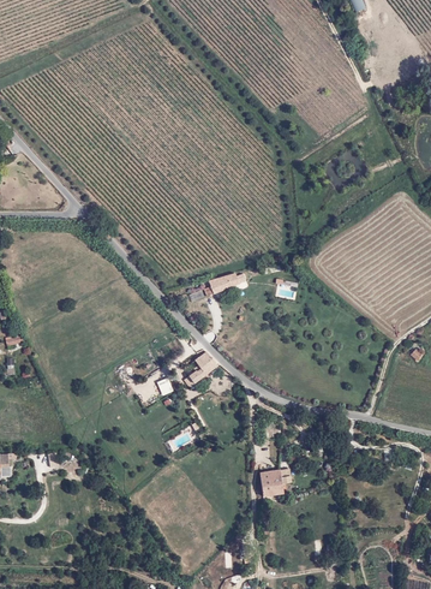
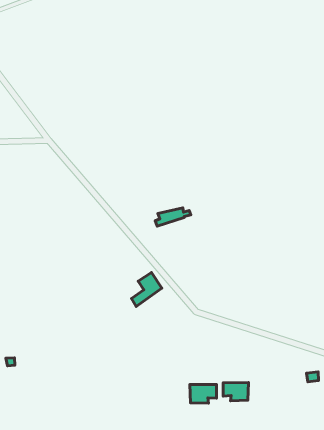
building: none -> [223,383,248,401]

